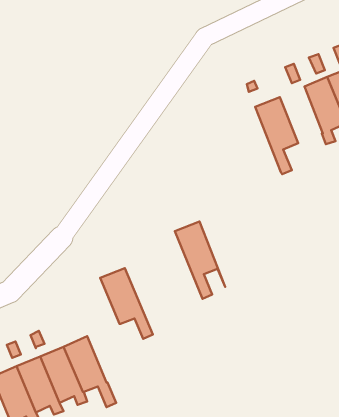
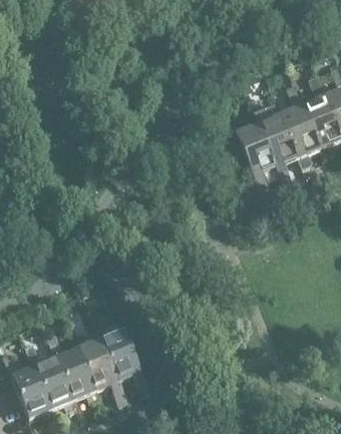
building: none -> [280,100,320,163]
building: [175,222,225,299] -> [234,119,281,191]
building: [100,268,153,339] -> [99,325,148,391]

